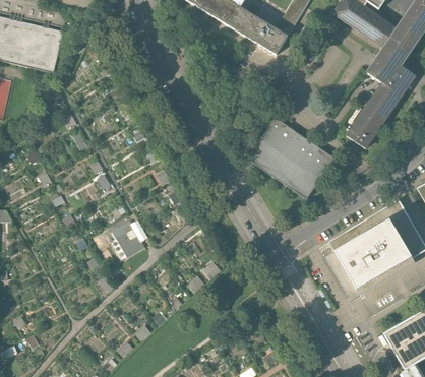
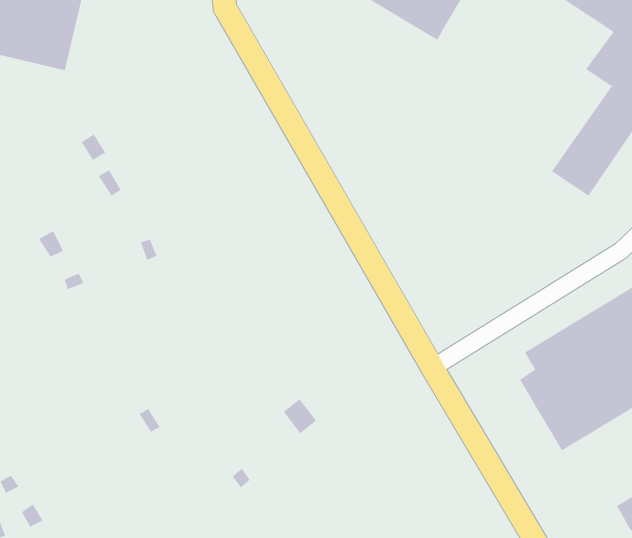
building: [247,119,333,200] -> none
building: [112,217,146,256] -> none

